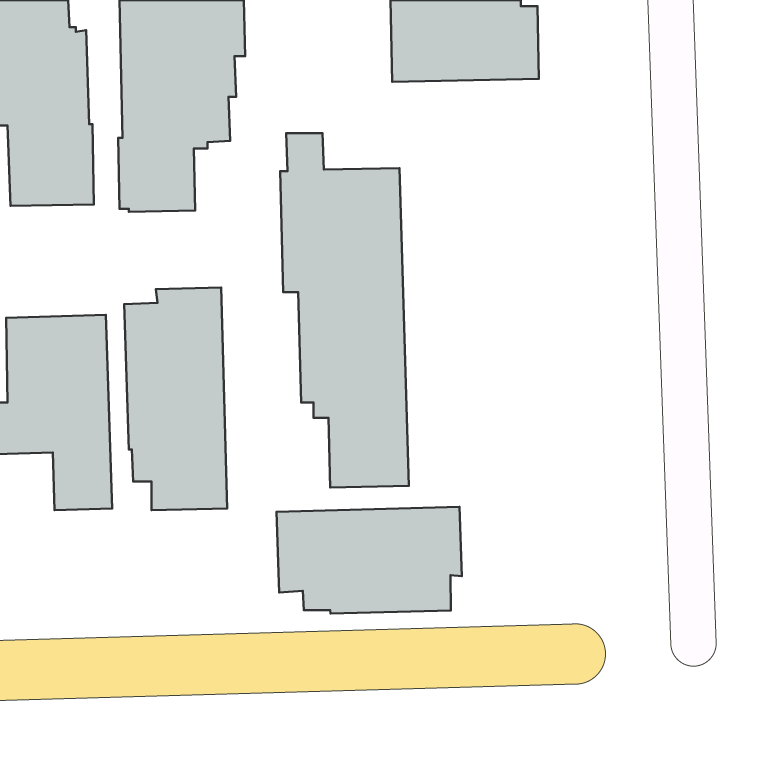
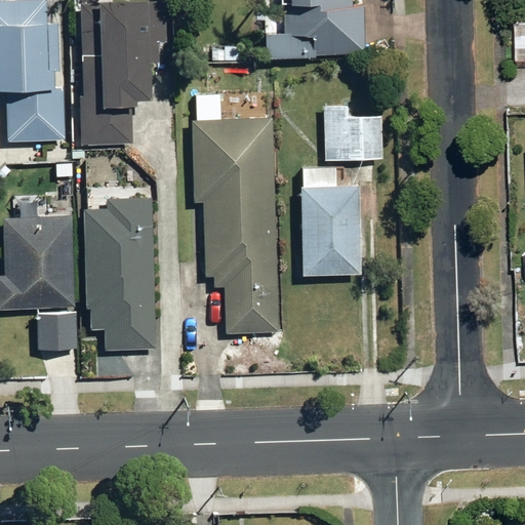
building: none -> [323,104,380,160]
building: none -> [300,165,380,274]
building: [276,507,462,613] -> none

